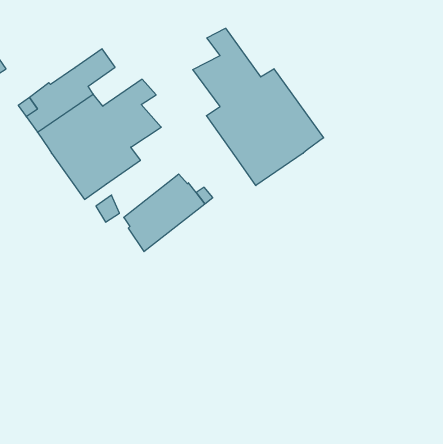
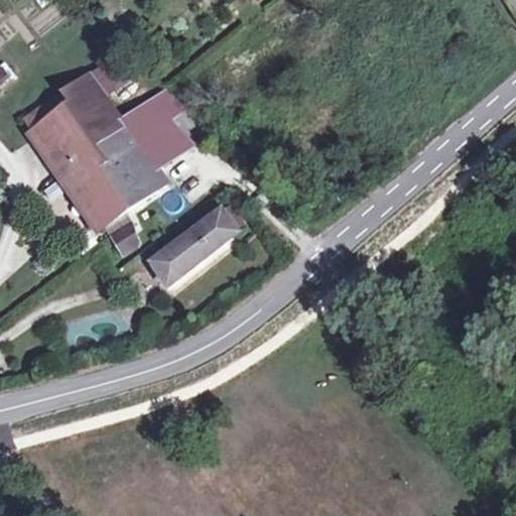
building: [193,28,324,186] -> none

